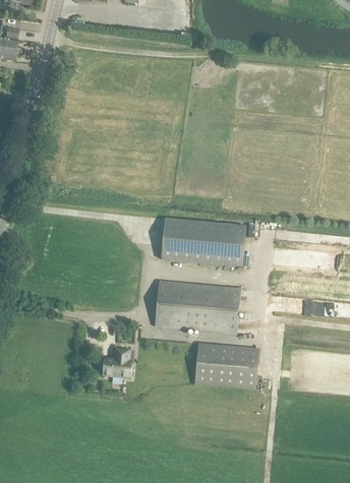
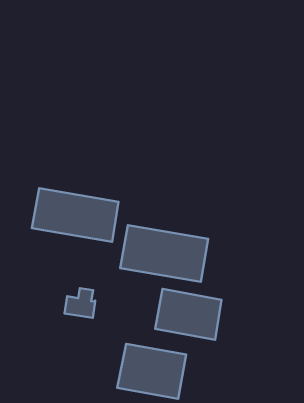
building: [160,217,244,264] -> [32,188,118,242]
building: none -> [117,344,186,399]

